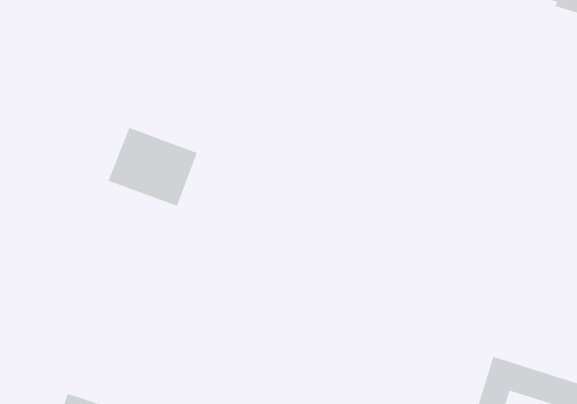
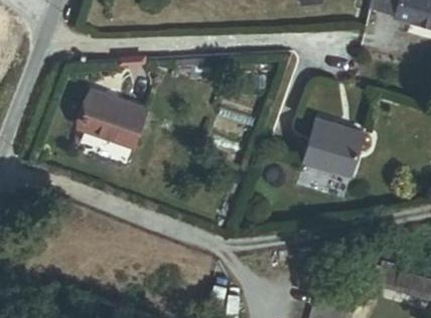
building: none -> [295,118,354,176]

